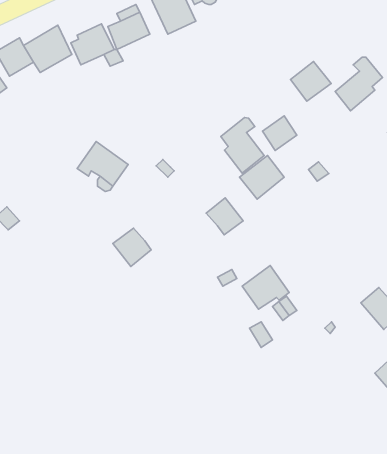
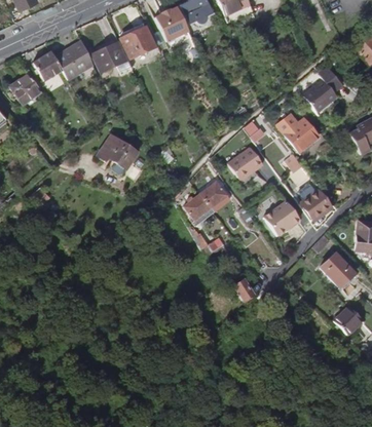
building: [290,62,331,101] -> [285,118,318,150]
building: [221,118,264,173] -> none
building: none -> [302,189,331,218]
building: [113,228,151,267] -> [184,192,215,223]
building: [242,266,289,309] -> [265,202,303,237]

